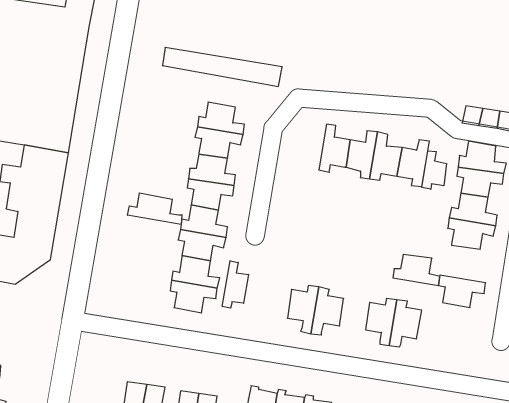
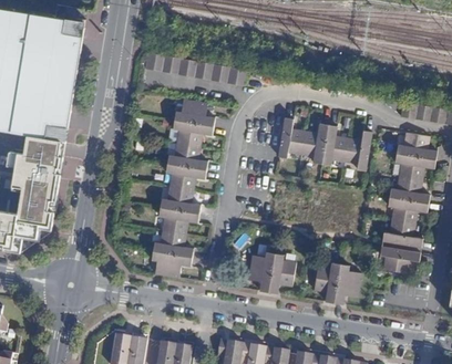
building: [422,151,446,189] -> none
building: [128,193,182,224] -> none
building: [393,254,440,286] -> [381,219,421,246]
building: [222,261,249,308] -> none

